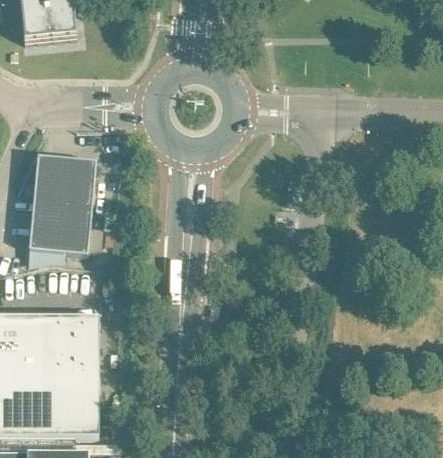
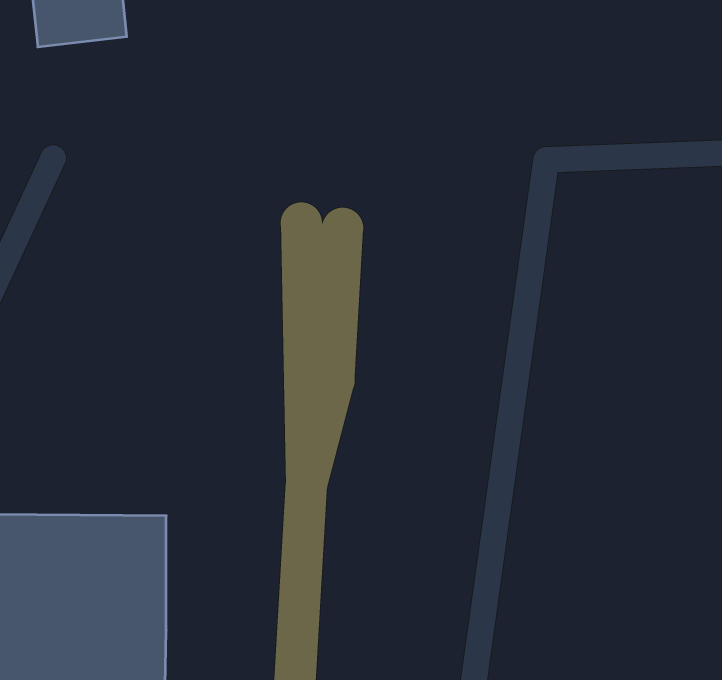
building: [27,154,95,267] -> none

